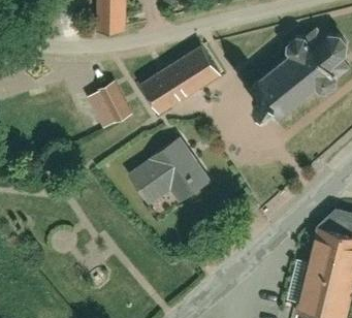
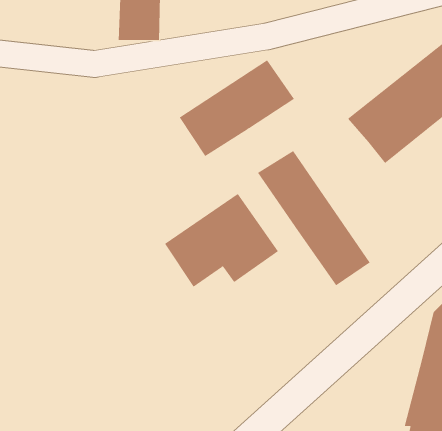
building: [86,82,130,128] -> none
building: none -> [257,150,371,286]

